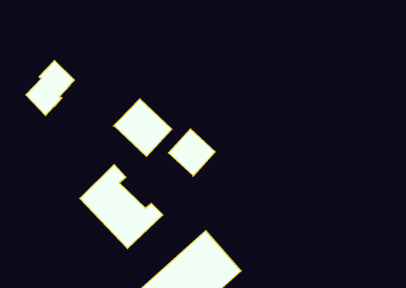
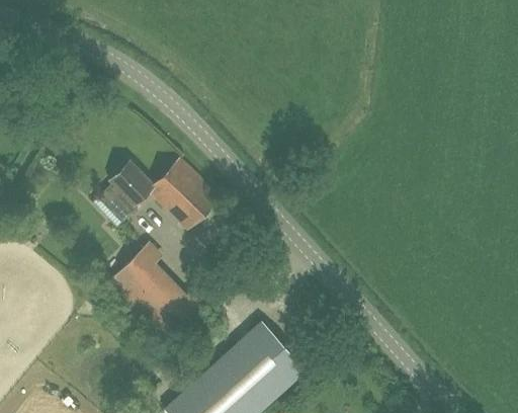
building: [26,60,74,116] -> [95,162,155,230]
building: [168,129,215,176] -> none

